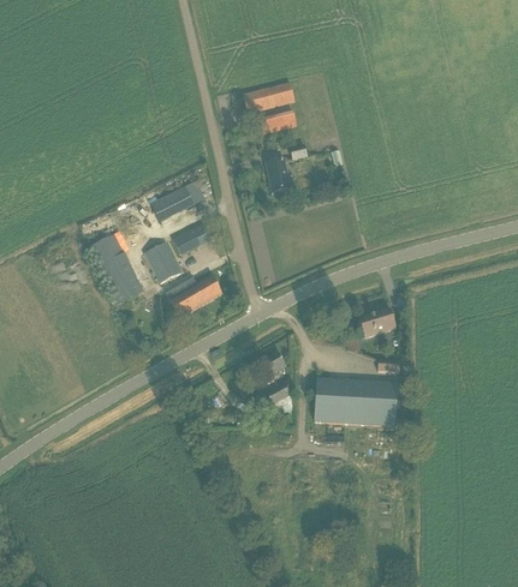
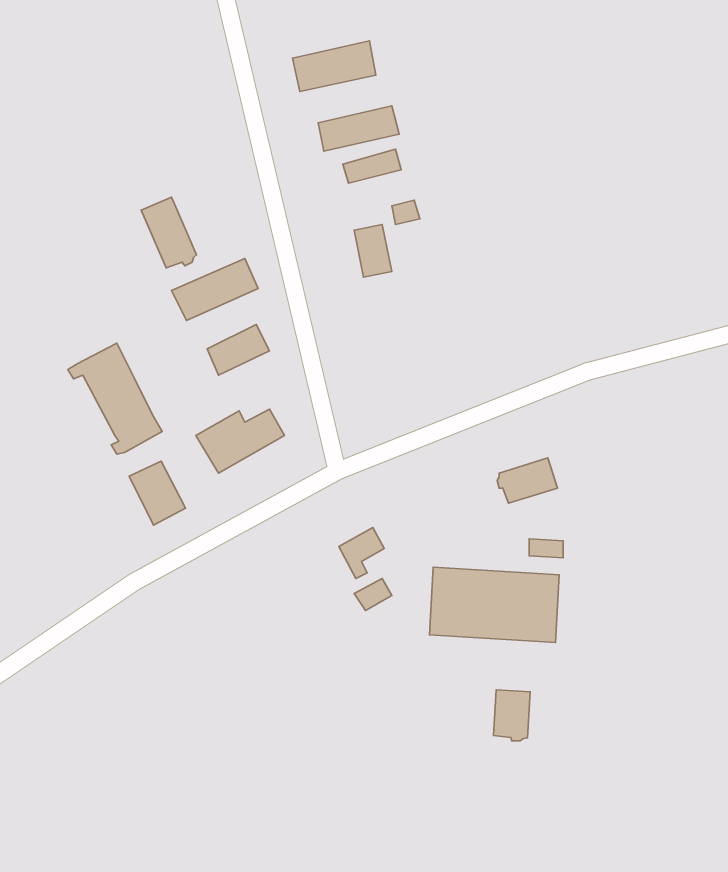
building: none -> [292,41,376,92]
building: none -> [141,197,197,268]
building: [144,242,180,283] -> [129,461,186,525]
building: none -> [494,690,530,741]

